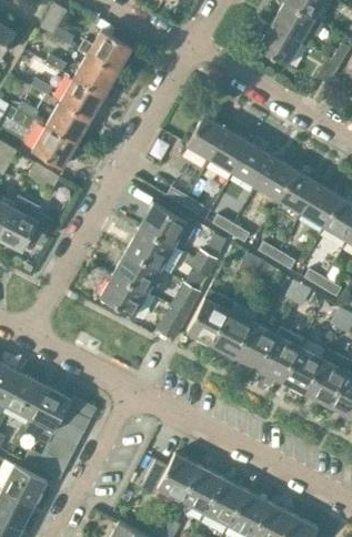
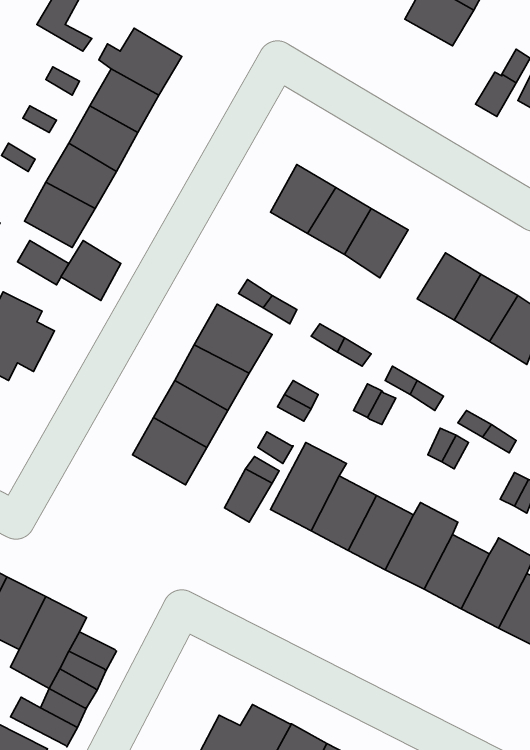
building: [258,26,301,67] -> none
building: [255,158,296,201] -> none
building: none -> [61,241,121,300]

